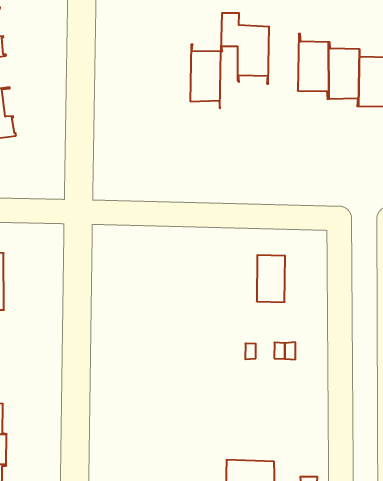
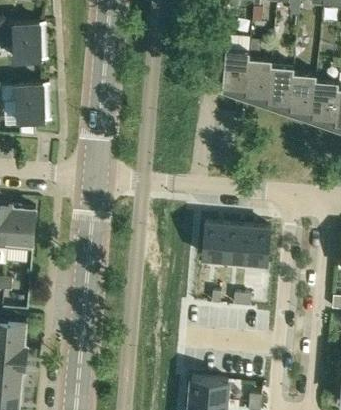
building: [190,44,221,108] -> [245,54,271,104]
building: none -> [201,224,227,261]
building: none -> [245,228,271,265]

